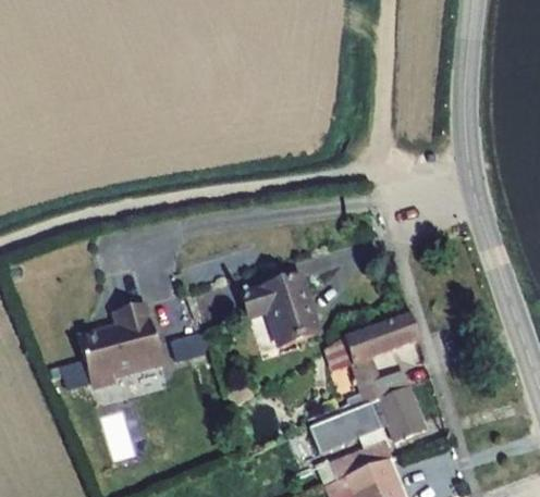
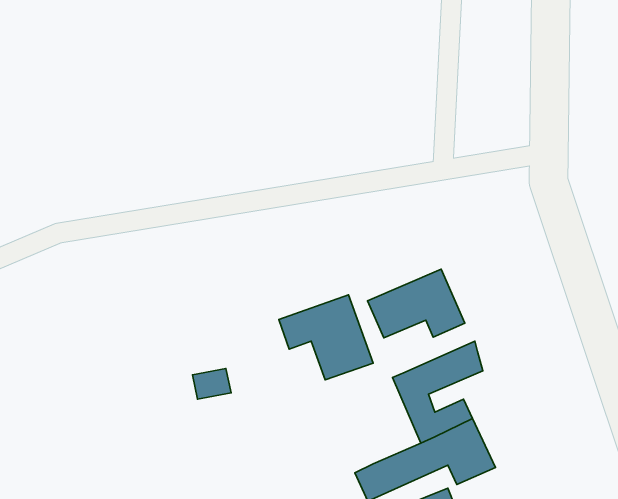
building: none -> [368,269,465,338]
building: [72,303,155,384] -> none

